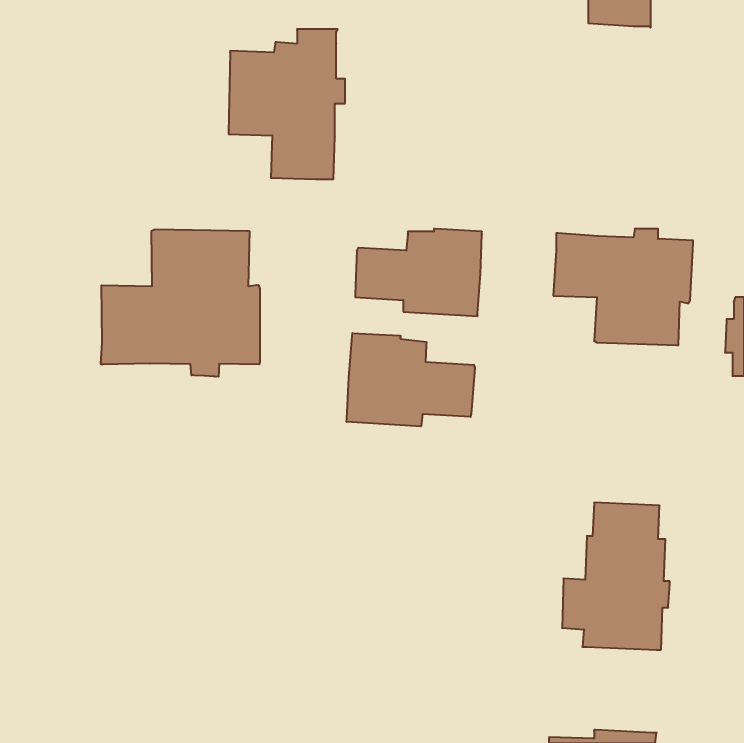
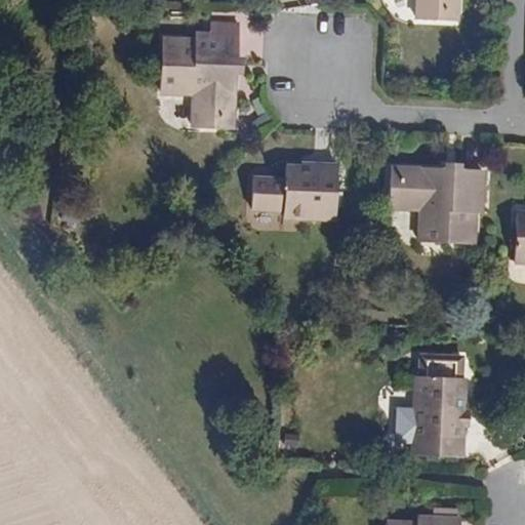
building: [101,229,260,377] -> none
building: [347,333,475,426] -> none

